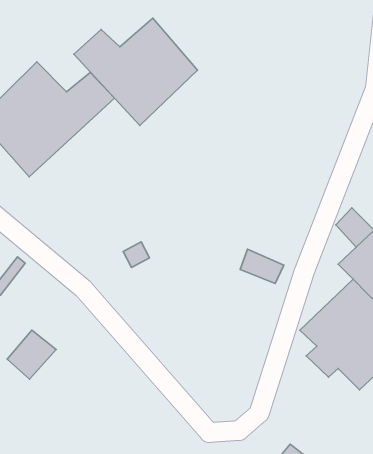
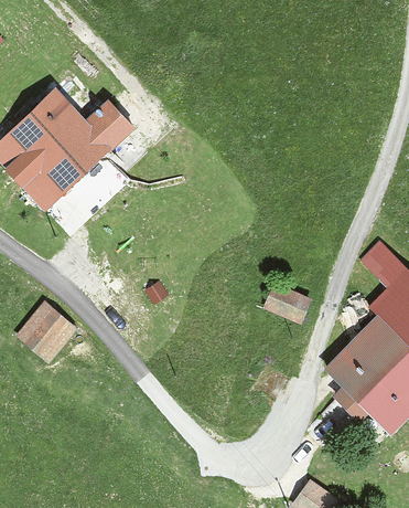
building: [74,18,198,125] -> none
building: [7,330,56,379] -> [20,306,71,357]

